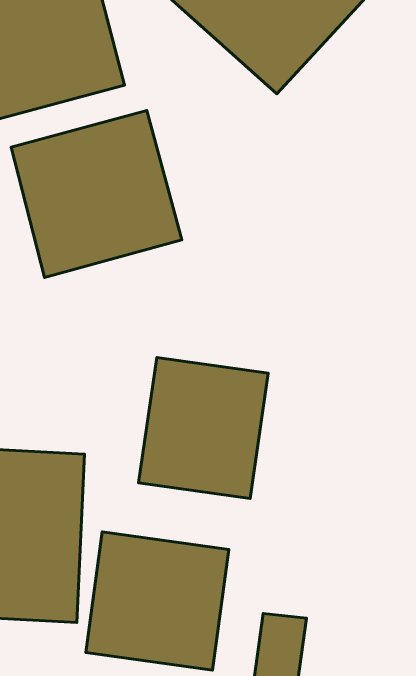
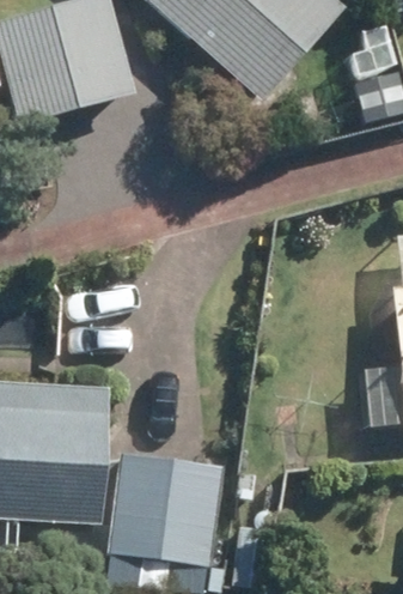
building: [11,110,182,277] -> none
building: [139,358,268,498] -> none

